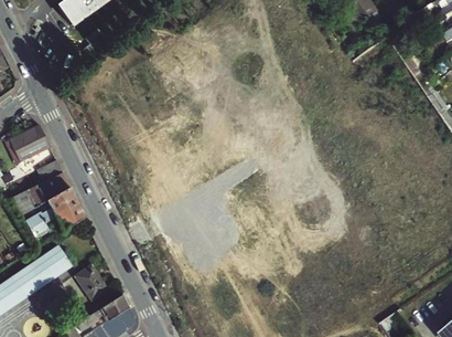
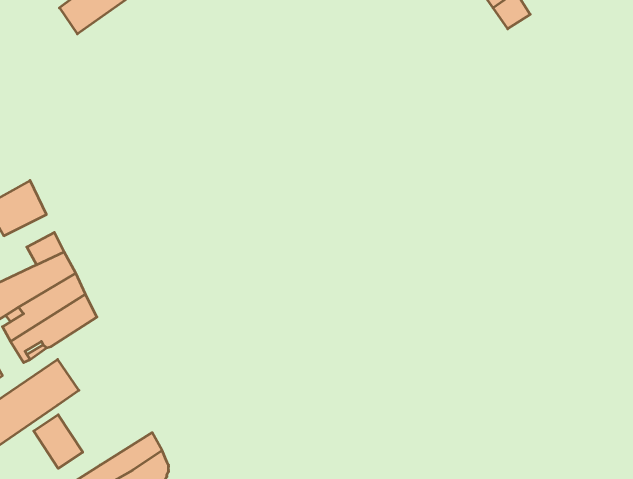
building: [75,264,108,301] -> [34,415,83,468]

